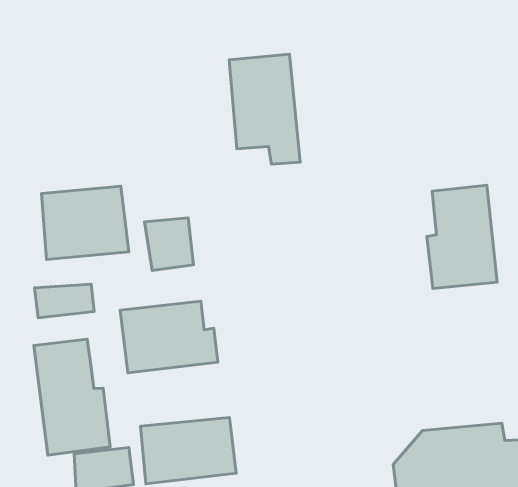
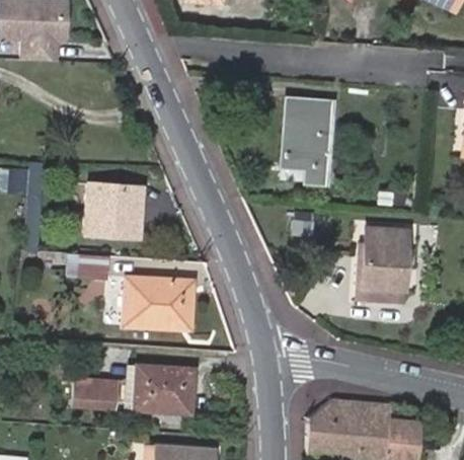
building: [229,54,300,164] -> [284,98,333,181]
building: [145,218,194,271] -> none
building: [34,339,110,455] -> none

